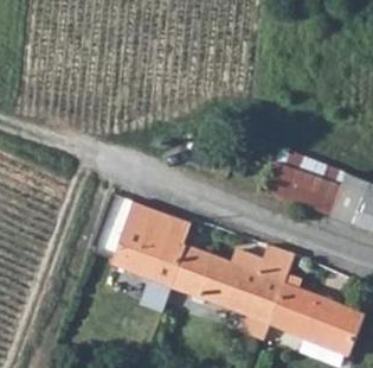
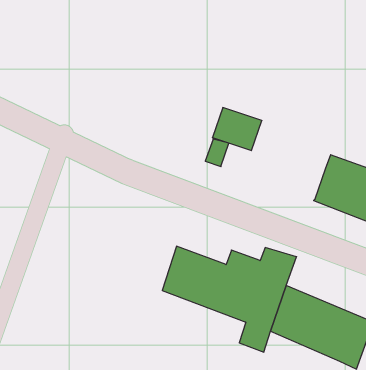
building: [276,164,321,203] -> [212,108,262,151]
building: [114,207,192,286] -> none

